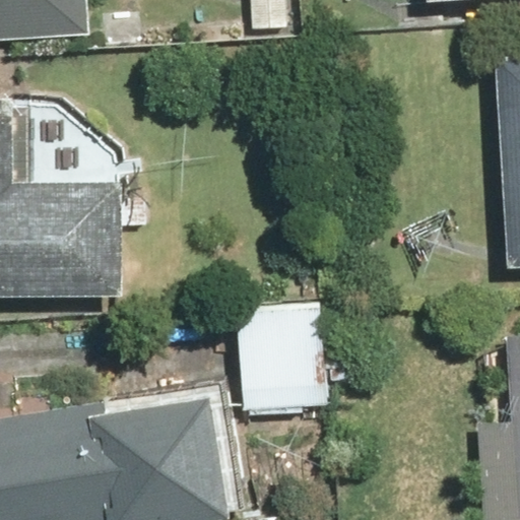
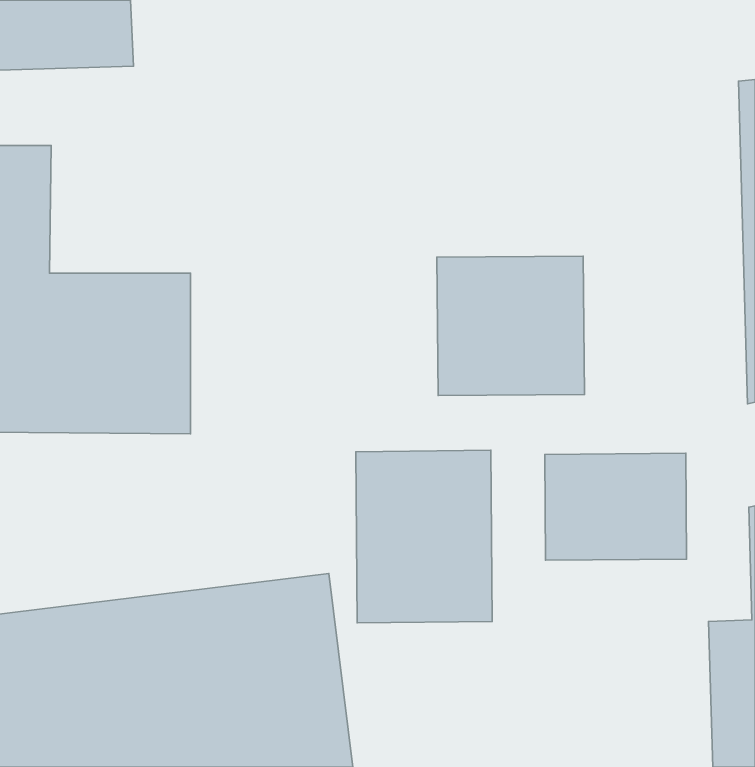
building: none -> [437,256,584,395]
building: none -> [545,453,686,560]

